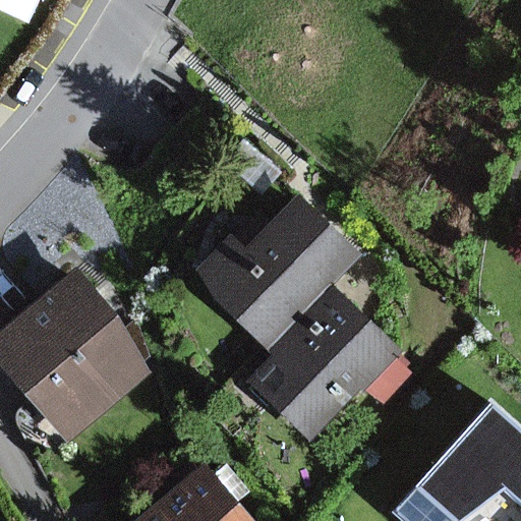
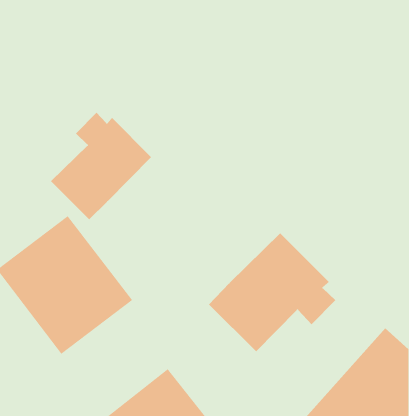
building: none -> [50,112,152,220]
building: [199,193,377,356] -> none

